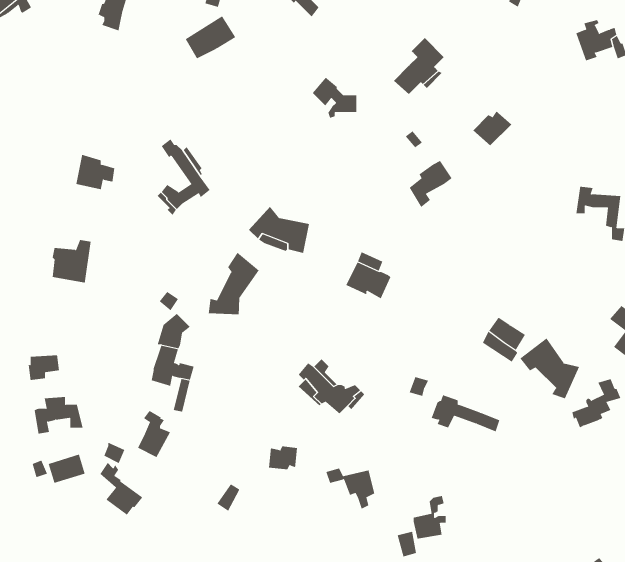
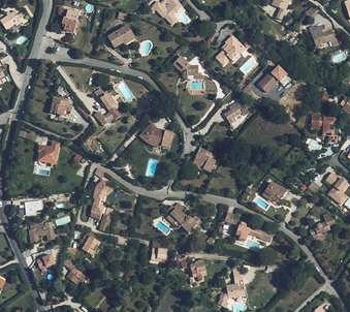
building: [208,252,259,315] -> none
building: [520,338,580,399] -> none

